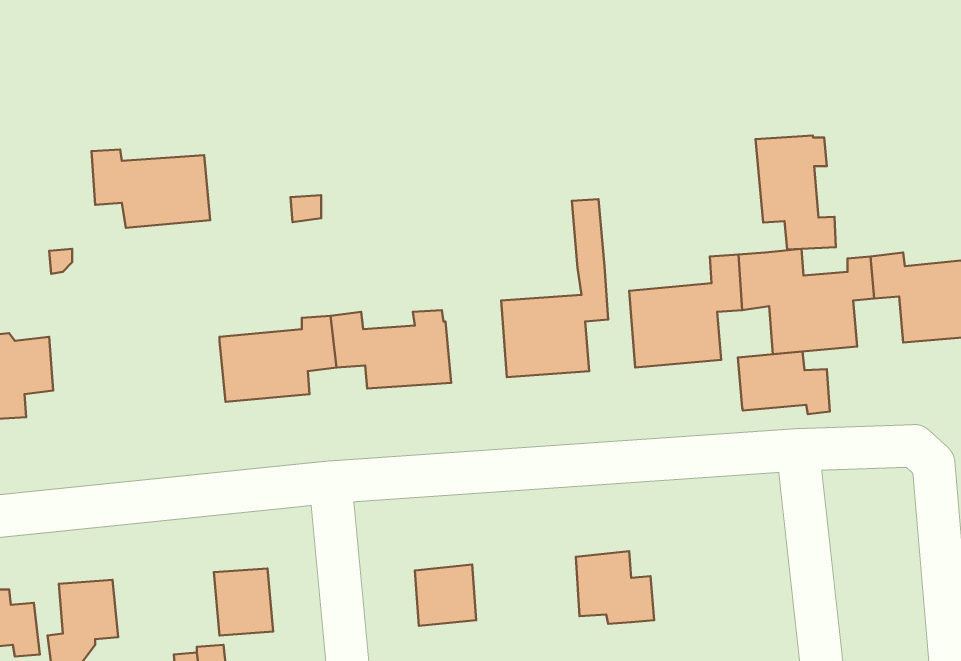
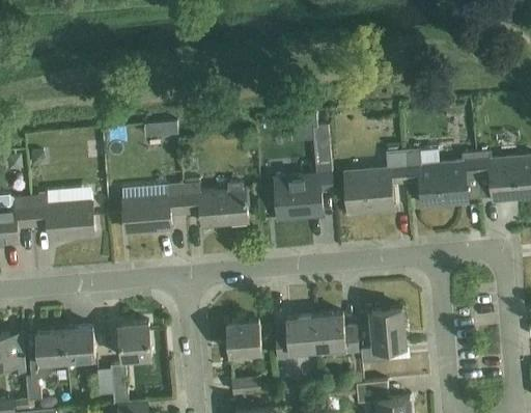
building: [756,136,836,249] -> none
building: [91,149,210,228] -> [30,197,94,240]
building: [738,351,830,414] -> none
building: none -> [361,309,404,363]
building: none -> [276,318,317,359]
building: none -> [64,327,95,361]

